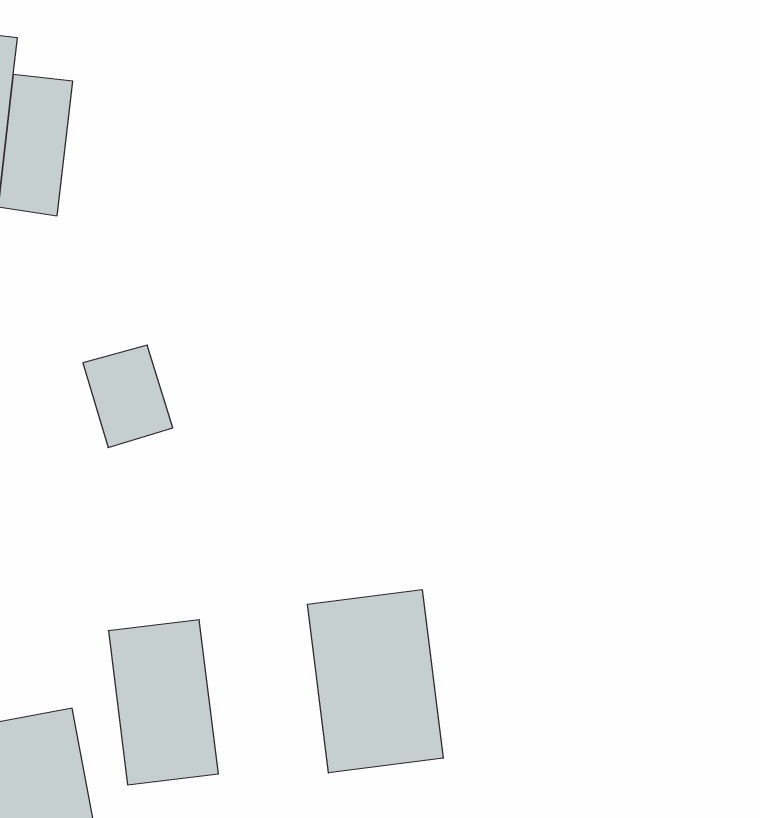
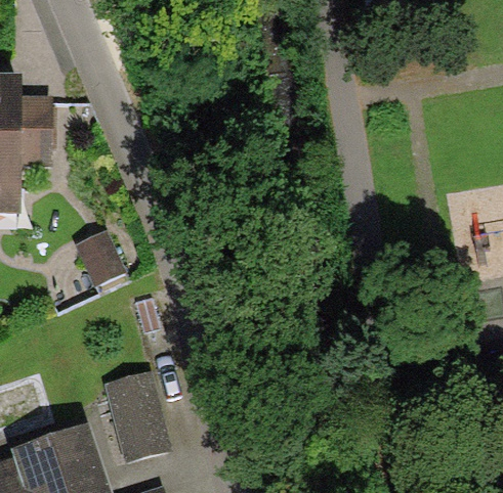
building: [307,590,443,773] -> none

